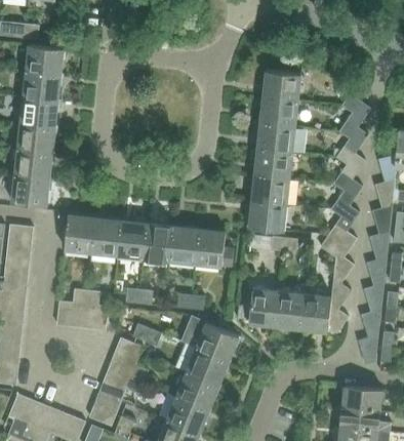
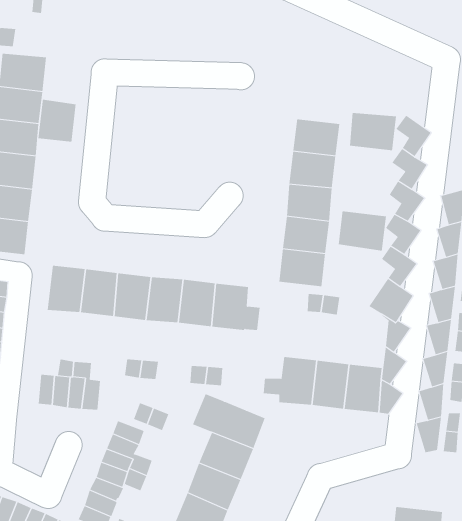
building: [262,71,300,102] -> [349,112,397,151]
building: none -> [38,99,76,143]
building: none -> [338,210,387,252]
building: [341,387,382,411] -> none

